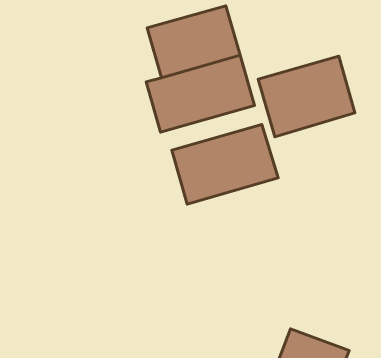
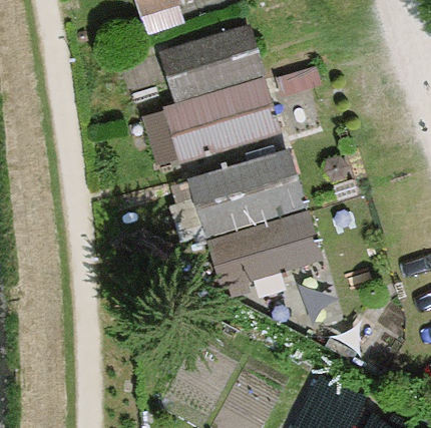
building: [258,56,355,137] -> none
building: none -> [209,215,319,288]

